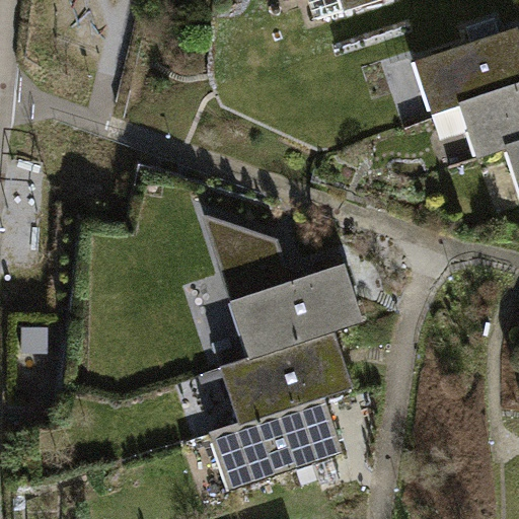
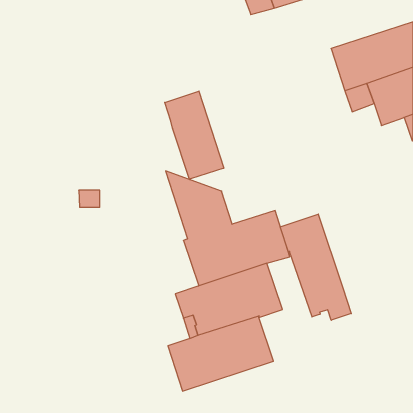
building: none -> [165,91,224,180]
building: none -> [280,214,351,320]

